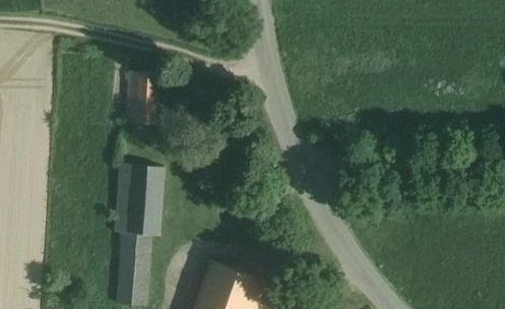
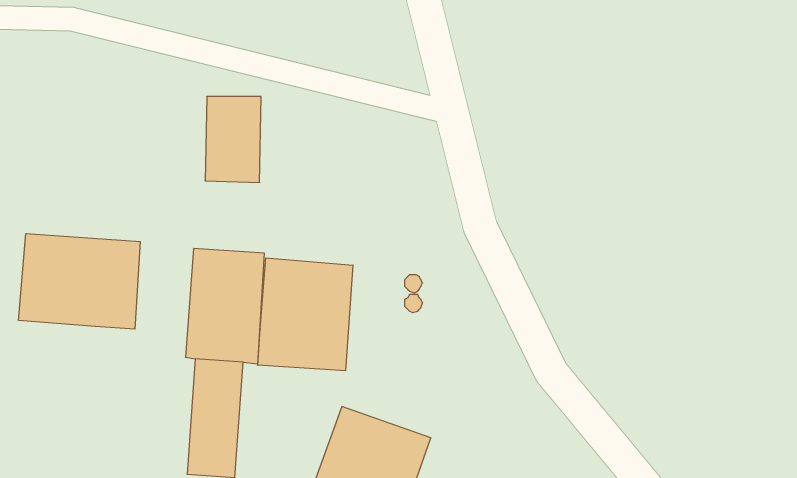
building: none -> [19,234,140,329]
building: none -> [258,258,353,371]

